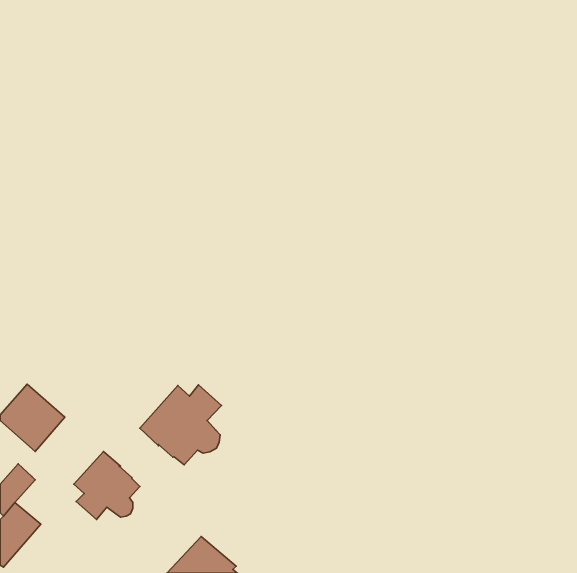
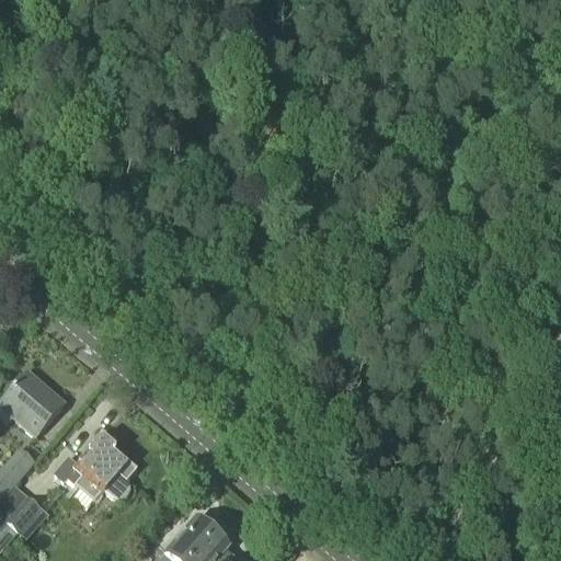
building: [140,385,222,465] -> none

